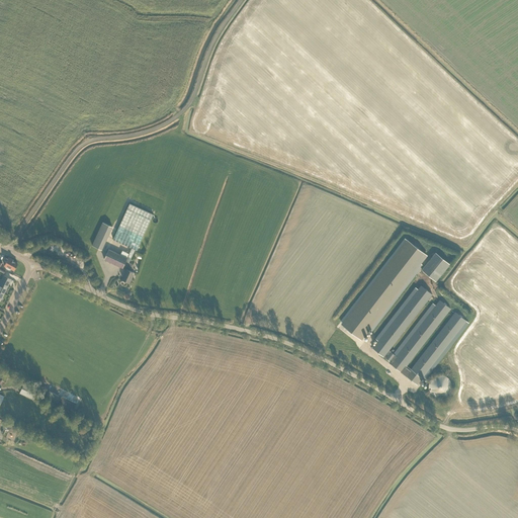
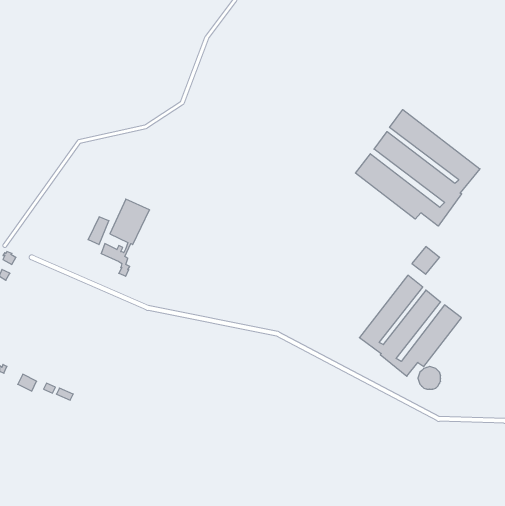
building: none -> [355,110,480,226]
building: [341,238,426,339] -> none

